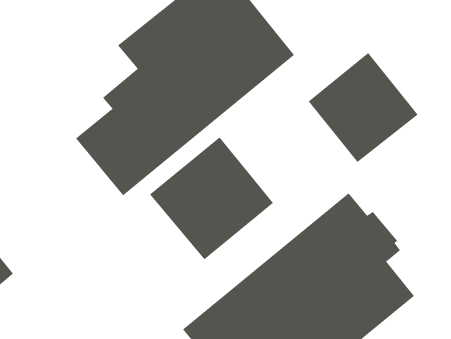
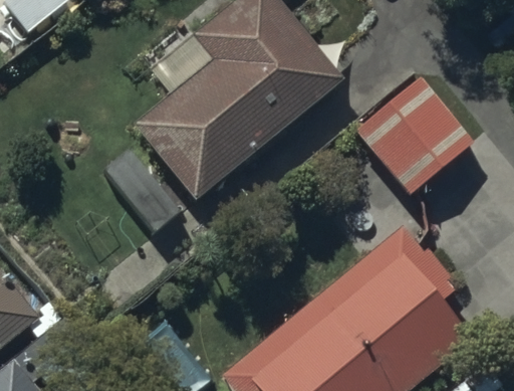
building: [149,137,274,260] -> none

